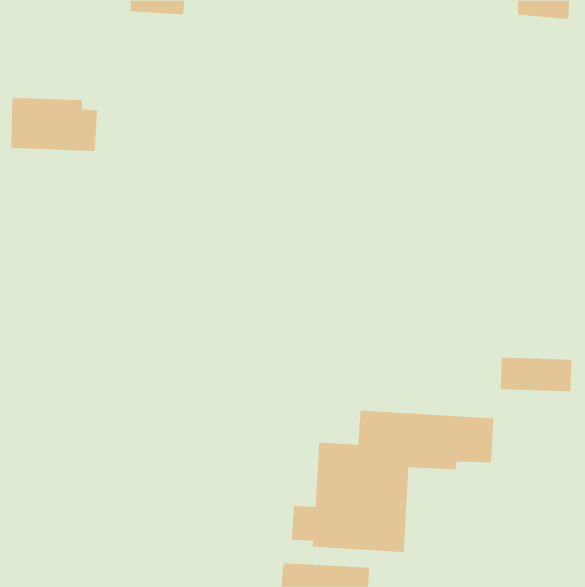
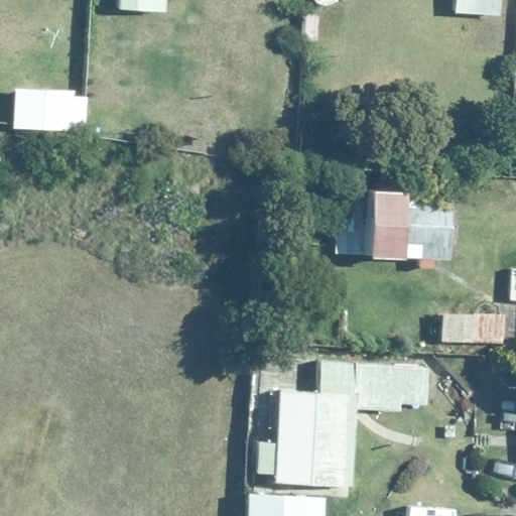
building: none -> [365,191,453,261]

